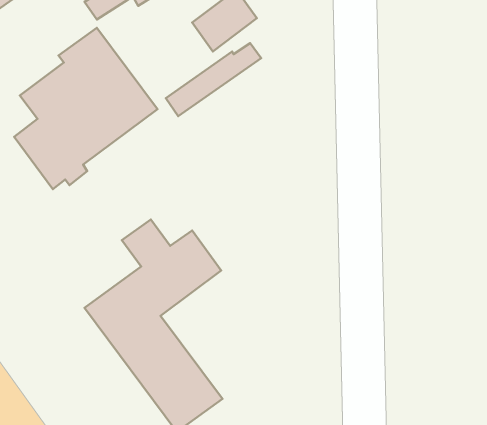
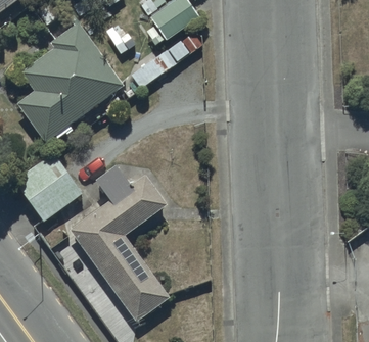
building: none -> [14,153,82,222]

